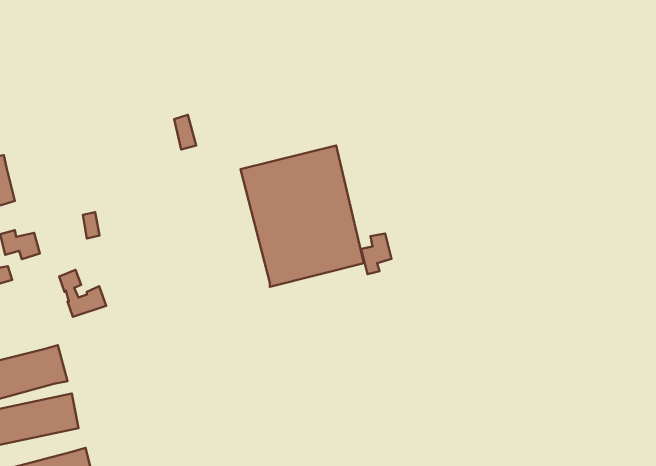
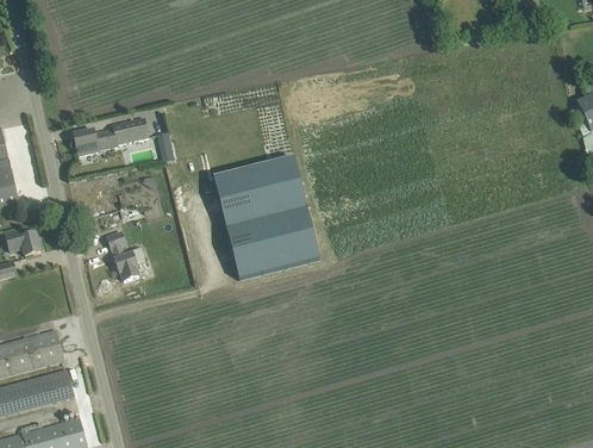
building: none -> [74,117,150,155]
building: [361,234,391,274] -> none
building: [59,270,106,317] -> [107,231,148,272]

